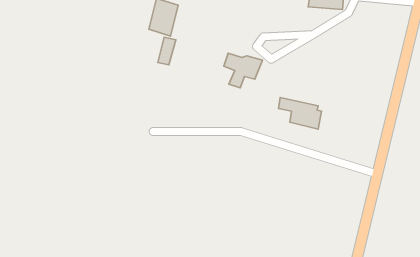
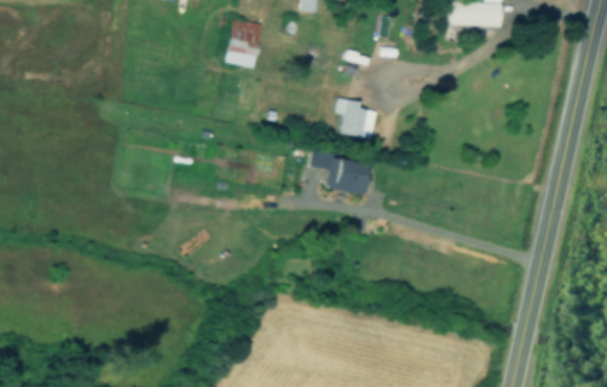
building: [158,37,176,65] -> none
building: [279,97,322,129] -> [310,151,370,196]

